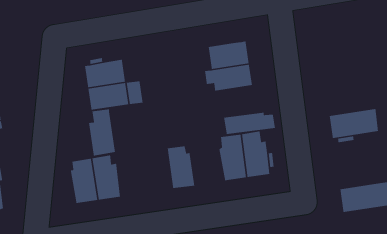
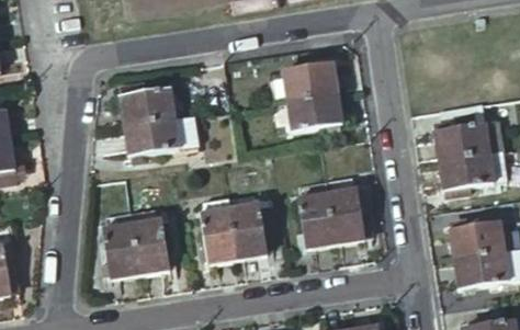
building: none -> [437,103,504,161]
building: [88,108,116,157] -> [200,200,236,263]
building: [223,112,276,135] -> none
building: none -> [451,221,506,258]

